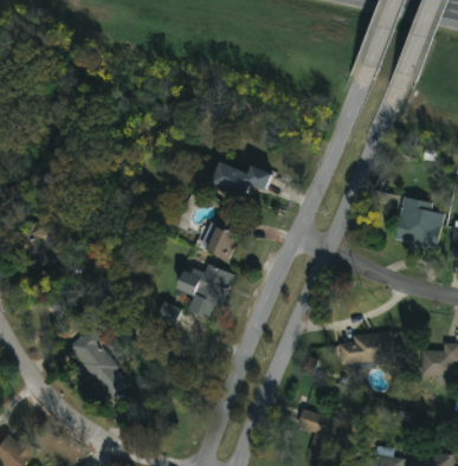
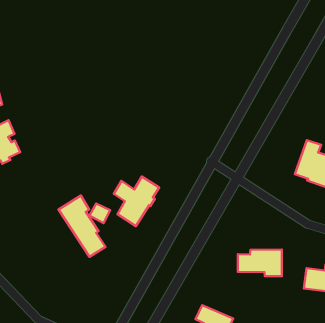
building: [214,160,276,198] -> none
building: [209,212,238,257] -> none
building: [66,326,128,399] -> [59,196,105,257]

